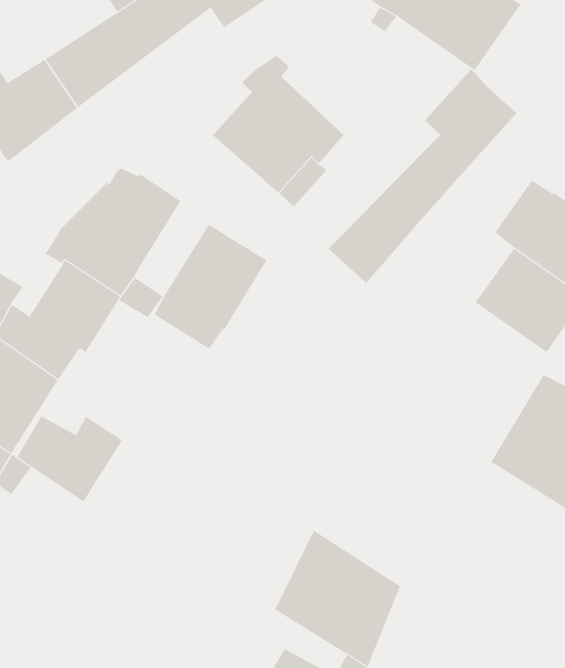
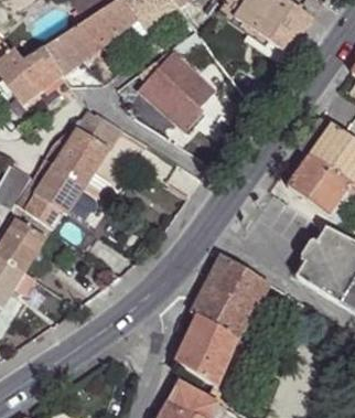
building: [328,68,517,284] -> none
building: [154,224,267,349] -> none
building: [17,415,123,502] -> none
building: none -> [190,253,271,341]

